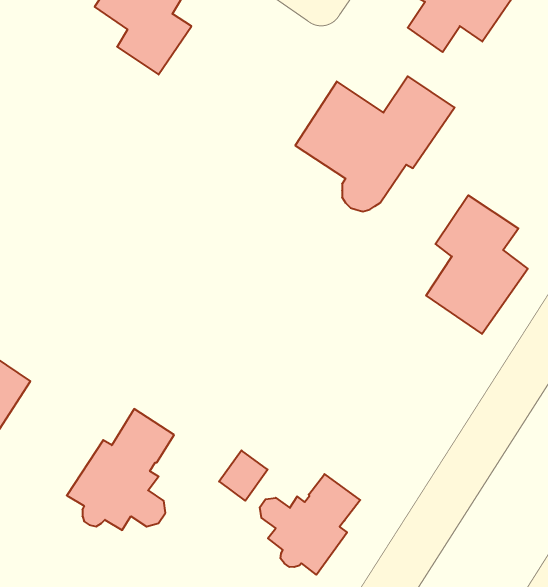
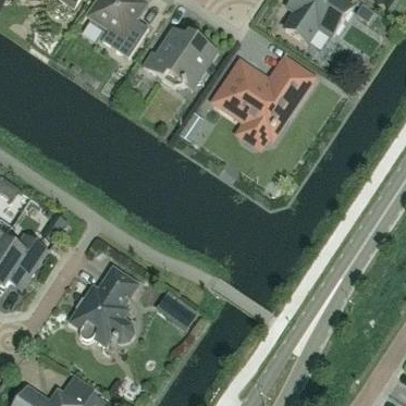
building: none -> [144,24,219,84]
building: [426,195,528,334] -> none
building: [260,474,360,575] -> none

